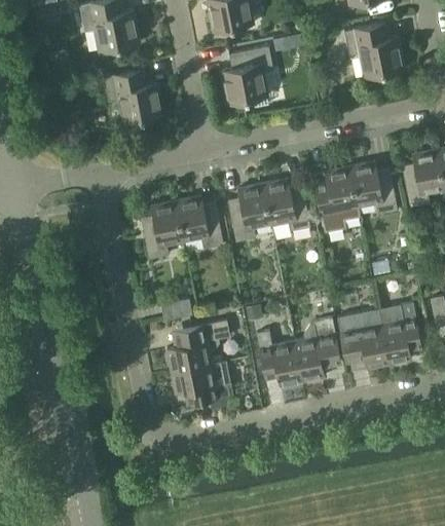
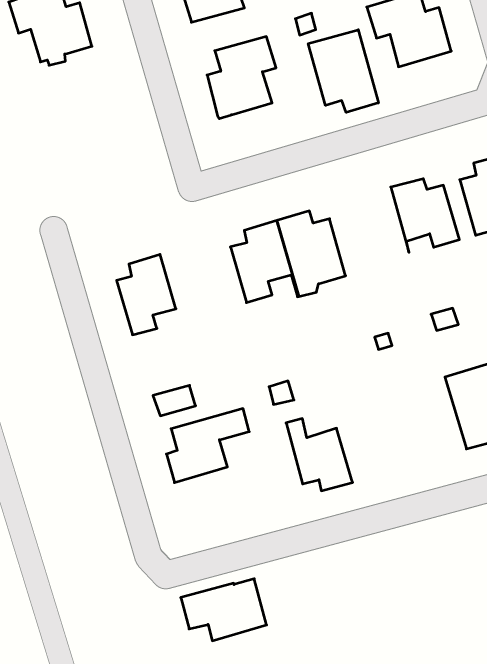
building: none -> [308,30,378,112]
building: [103,70,162,127] -> none
building: [314,166,359,231] -> none
building: [175,196,223,249] -> none
building: [337,310,388,370] -> none
building: [294,318,341,382] -> none
building: [171,362,232,405] -> [181,579,267,641]

